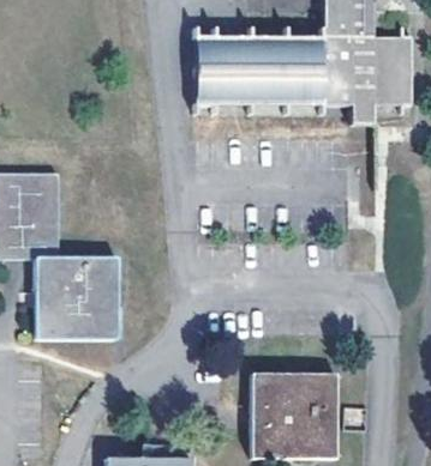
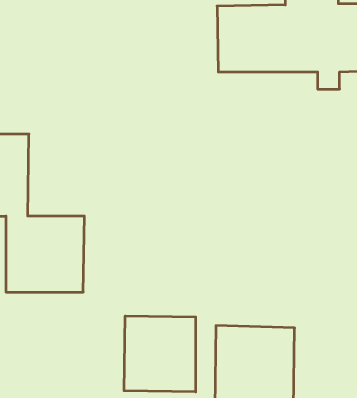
building: [199,40,255,109] -> none
building: none -> [124,316,196,392]

